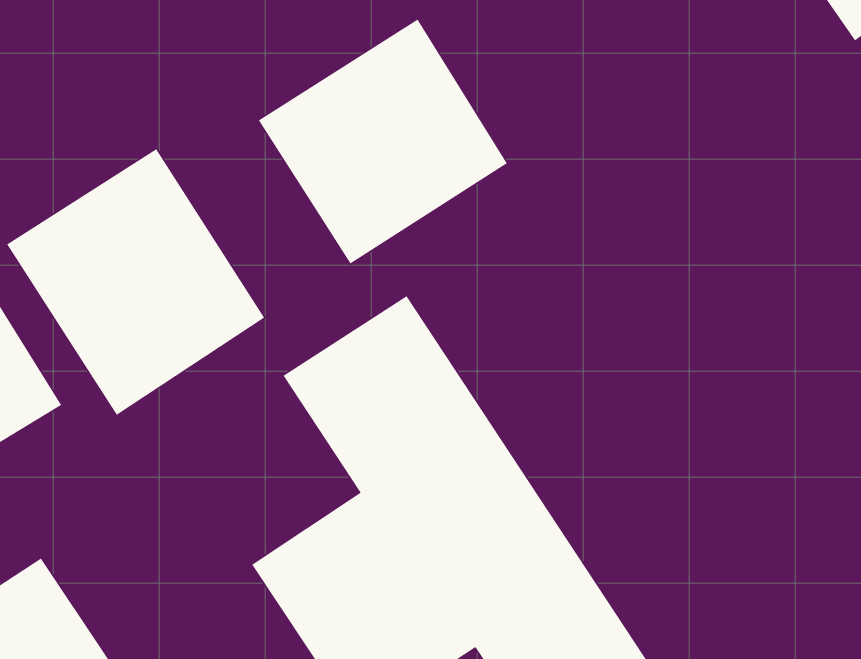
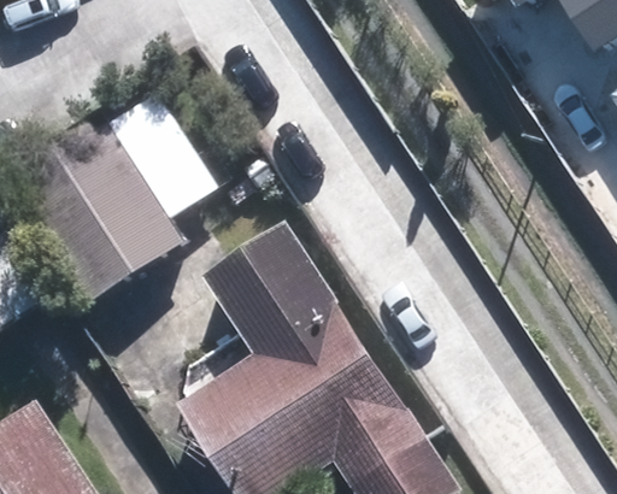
building: [258,18,508,265] -> none

